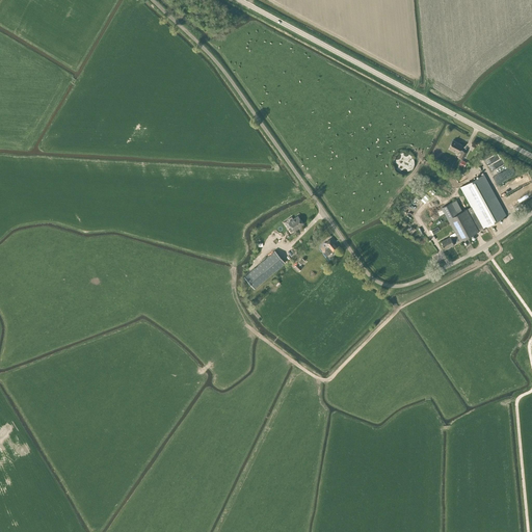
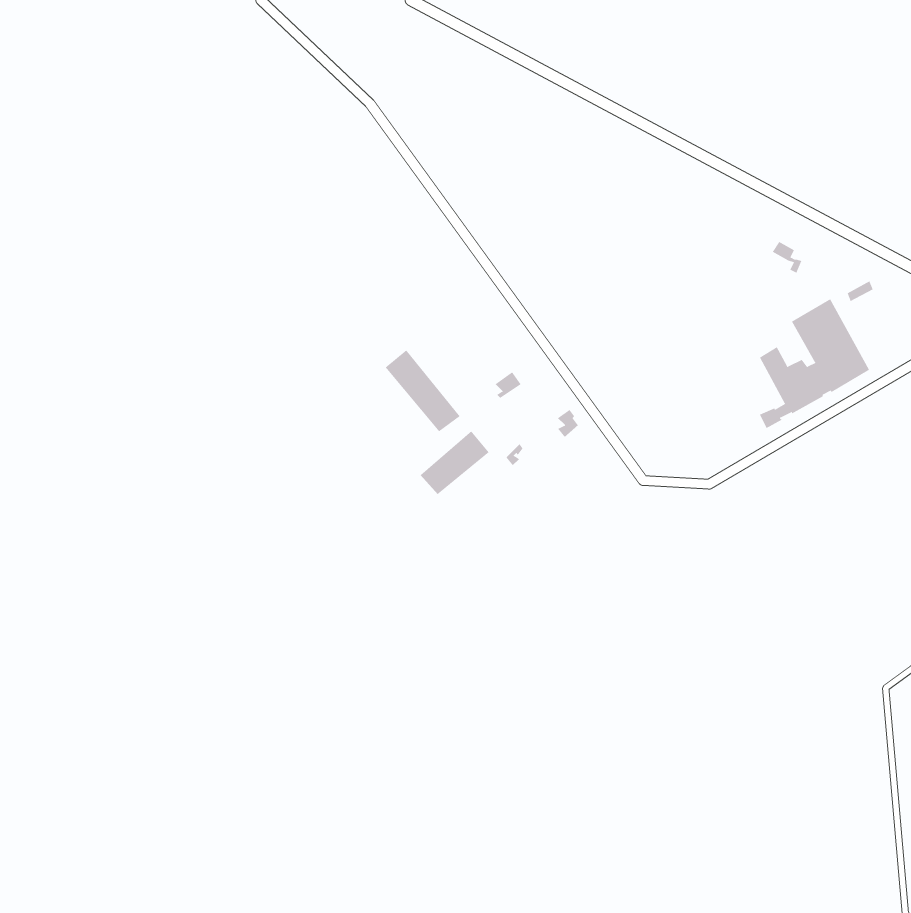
building: none -> [385,349,460,432]

